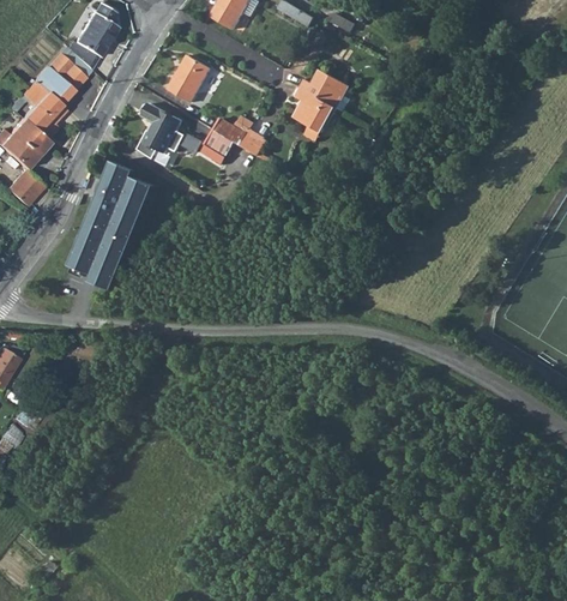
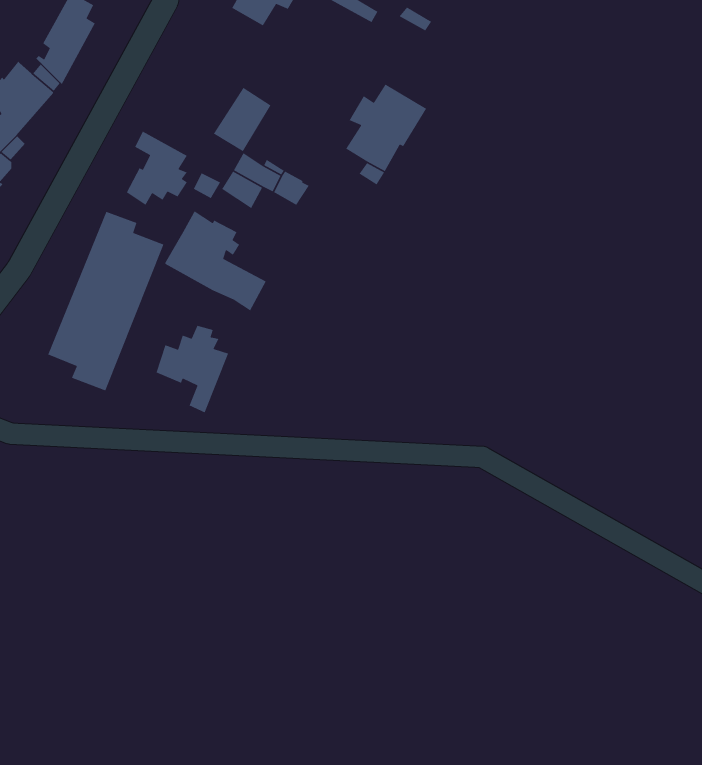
building: [163,56,205,103] -> [213,87,271,152]
building: none -> [164,209,267,311]
building: none -> [156,325,229,413]

